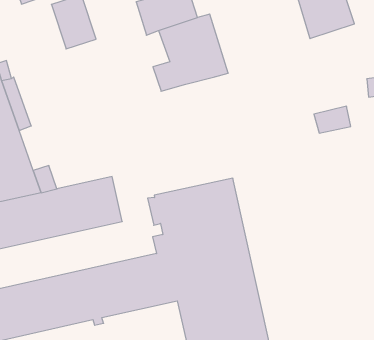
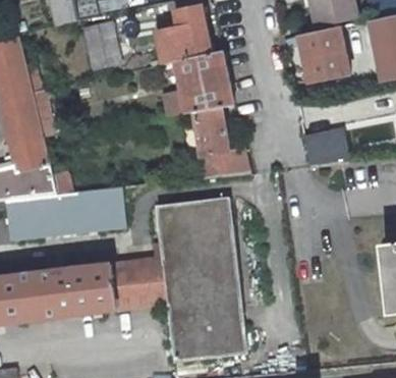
building: none -> [194,108,247,178]

